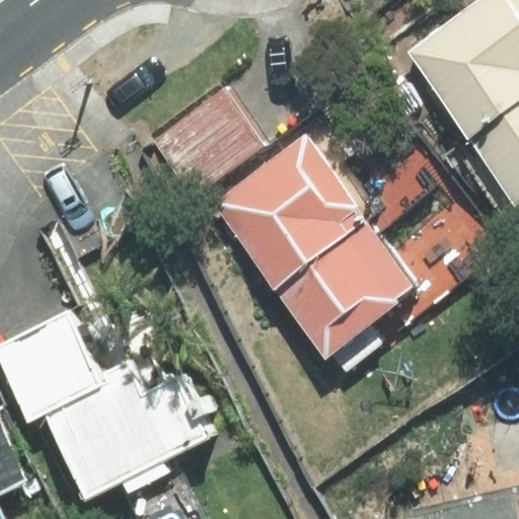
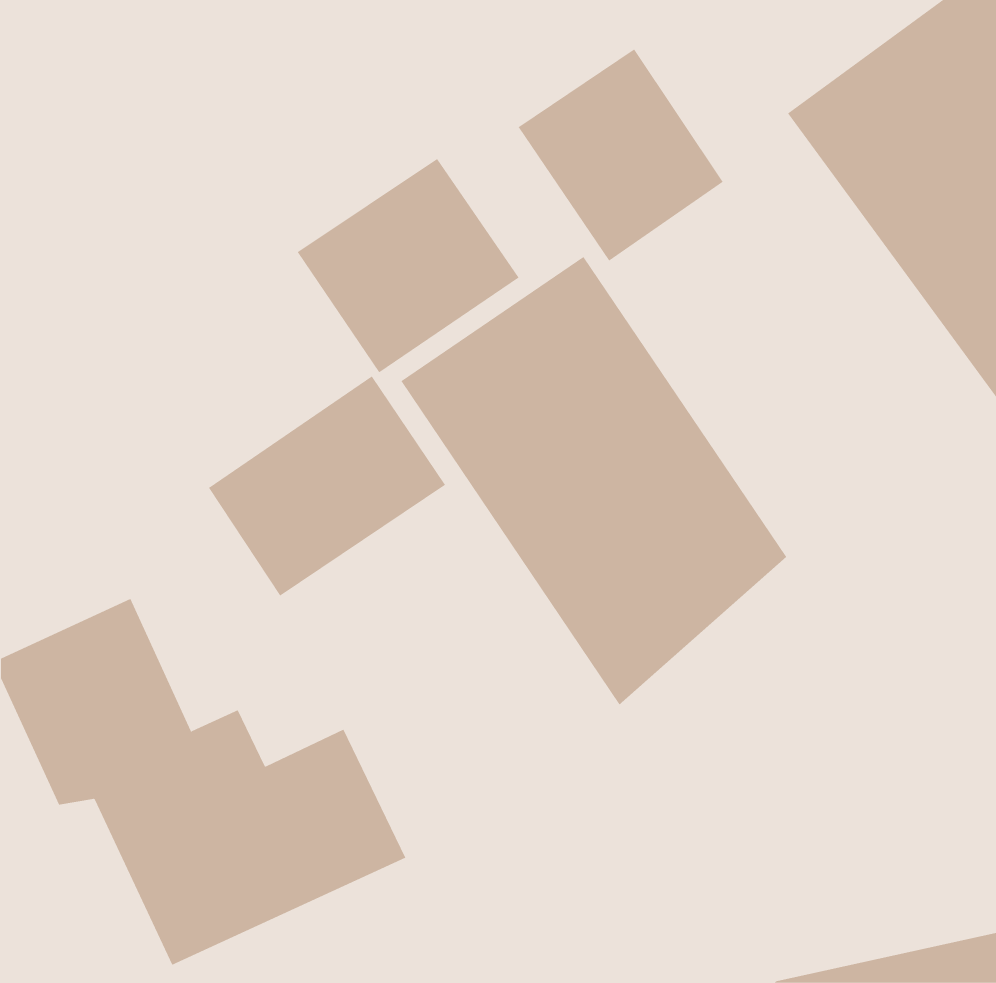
building: none -> [518,49,724,262]
building: none -> [208,376,446,597]

